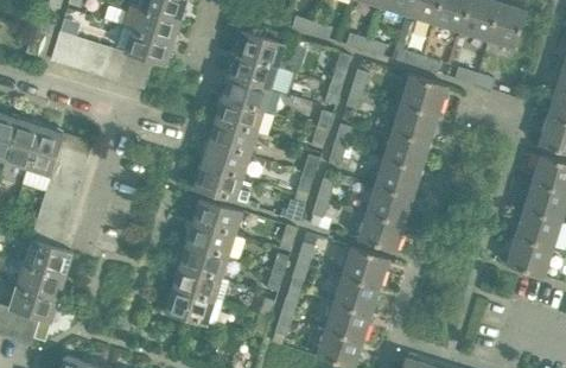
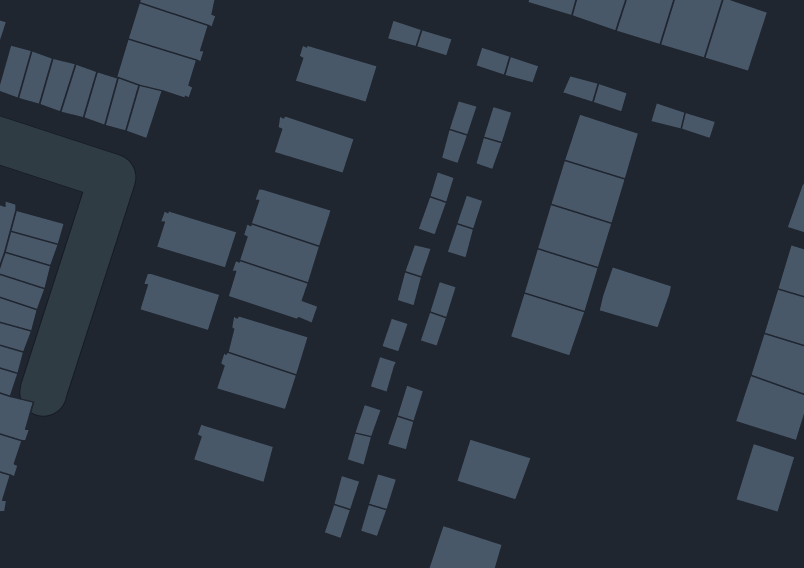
building: [229,55,279,90] -> none
building: [215,99,265,134] -> [156,211,237,268]
building: [360,212,405,250] -> [599,267,672,328]
building: [179,245,229,280] -> [139,273,220,331]
building: [343,247,389,287] -> none
building: none -> [735,443,795,512]
building: [165,288,216,325] -> none
building: [326,302,371,341] -> none

